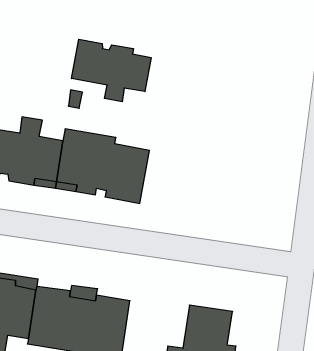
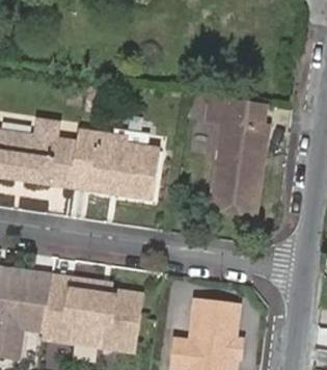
building: [72,39,151,102] -> none
building: none -> [208,97,267,215]

